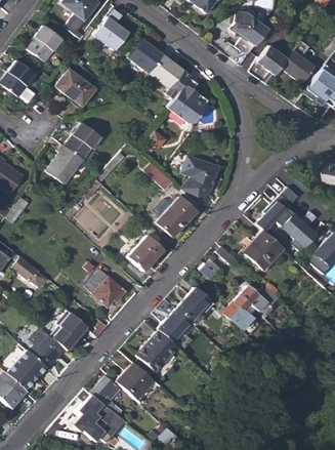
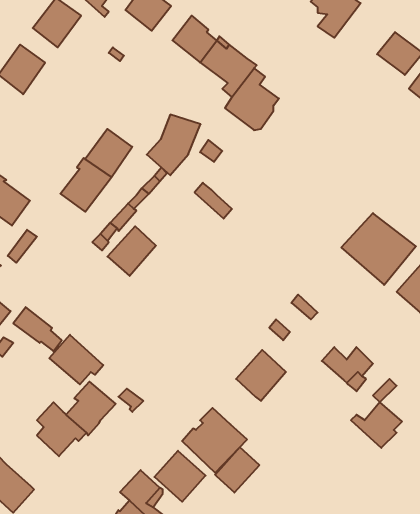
building: [257,46,287,76] -> none
building: [55,69,94,106] -> none
building: [180,159,220,204] -> [147,115,201,175]
building: [155,196,196,236] -> none
building: [243,230,283,270] -> none
building: [127,235,163,272] -> [107,226,156,276]
building: [86,270,126,306] -> [49,335,103,384]
building: [218,295,256,329] -> [351,402,402,448]
building: [158,309,191,342] -> [215,447,259,493]
building: [6,350,45,388] -> none

